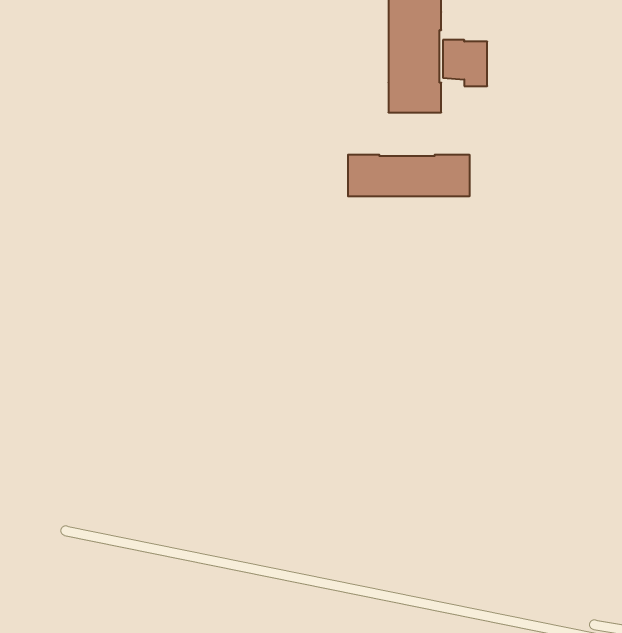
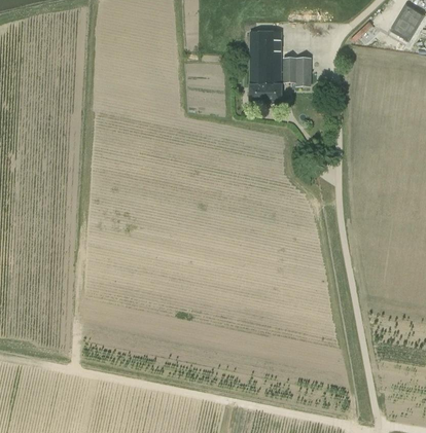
building: [348,155,469,196] -> none

